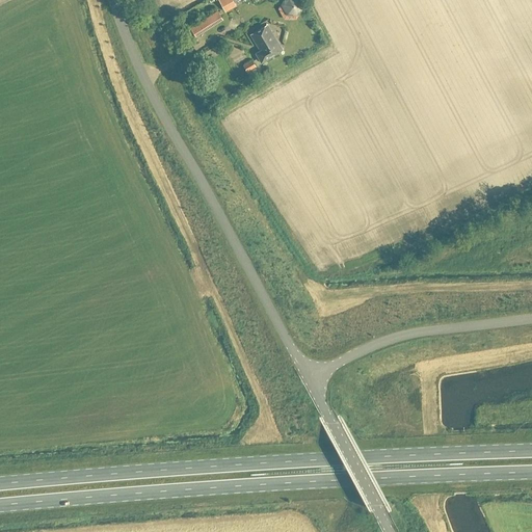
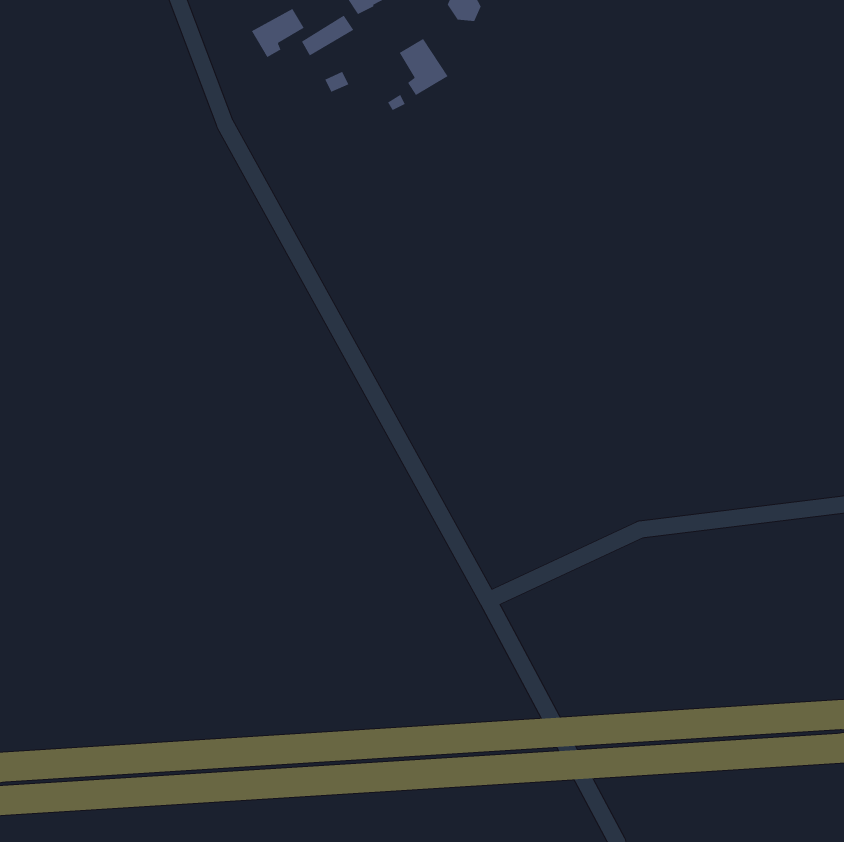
building: none -> [251,8,304,58]

